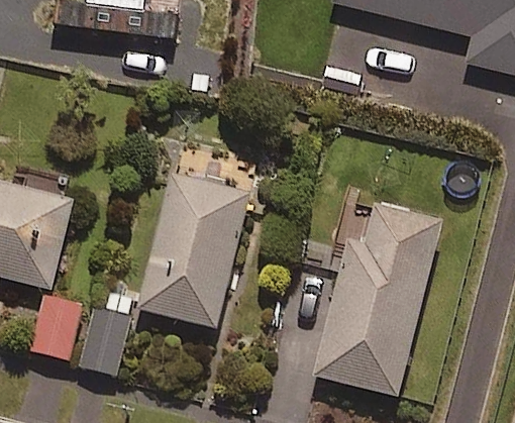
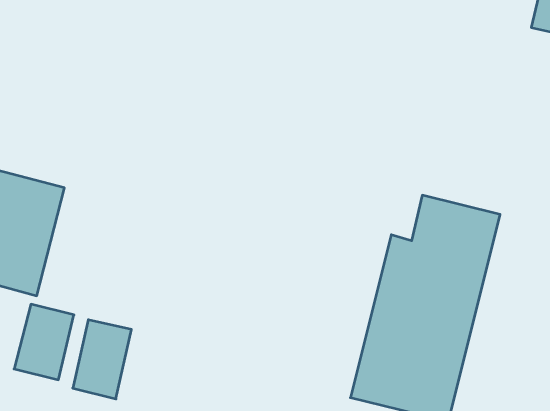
building: [139,171,250,325] -> none

